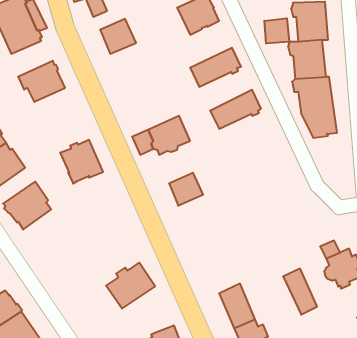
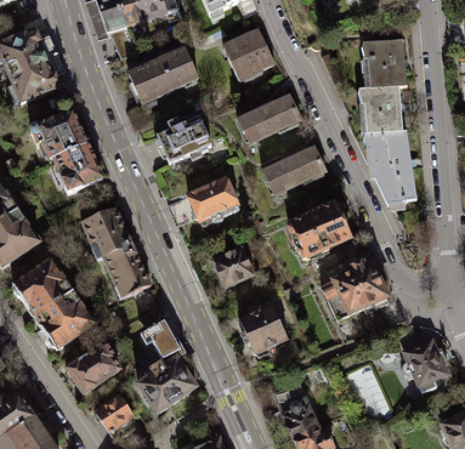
building: none -> [159,47,198,89]
building: [264,18,289,44] -> none
building: none -> [154,116,211,164]
building: none -> [51,143,101,193]
building: none -> [287,200,350,257]
building: none -> [102,245,149,300]
building: none -> [321,261,387,319]
building: none -> [35,291,93,349]
building: none -> [238,305,289,357]
building: none -> [140,319,186,364]
building: none -> [64,341,119,393]
building: none -> [93,393,132,441]

